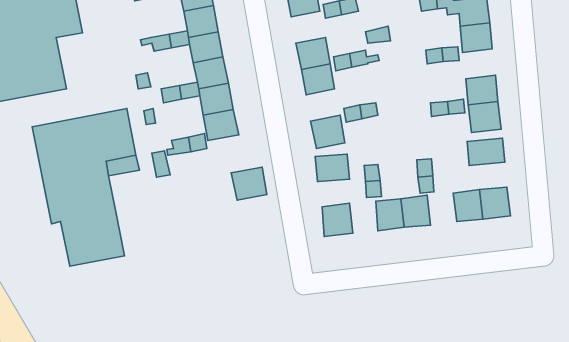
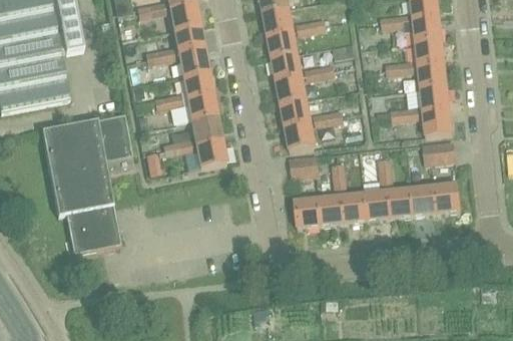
building: none -> [268,30,298,58]
building: none -> [418,63,447,89]
building: none -> [281,98,311,126]
building: [231,167,267,200] -> [194,138,225,167]
building: none -> [387,190,413,218]
building: none -> [319,197,344,225]

